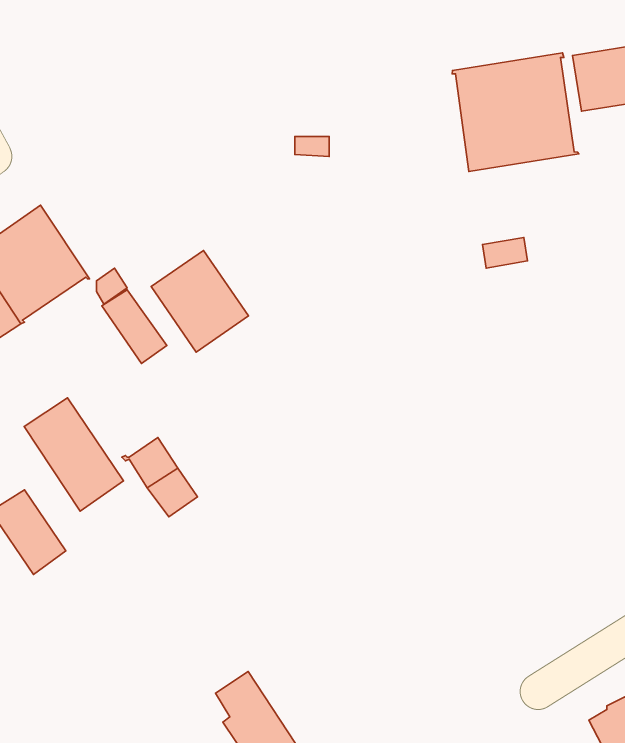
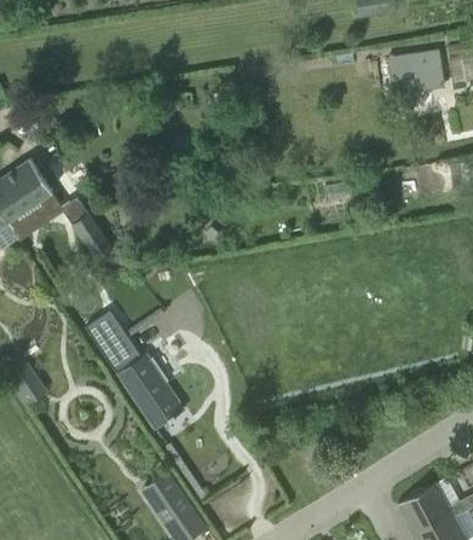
building: [452,53,579,172] -> none
building: [151,251,249,352] -> none
building: [24,398,123,511] -> [117,354,184,430]

